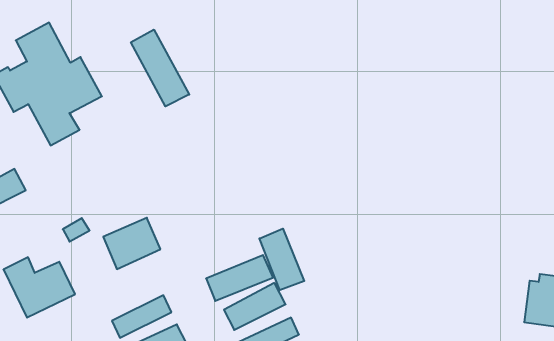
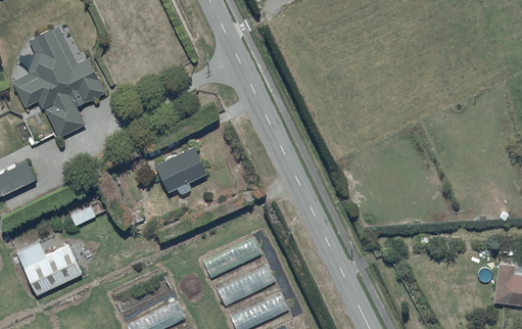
building: [131,30,189,106] -> none
building: [103,218,160,269] -> [154,146,206,193]
building: [259,229,304,290] -> none

